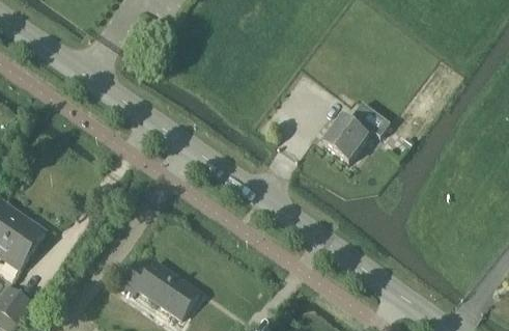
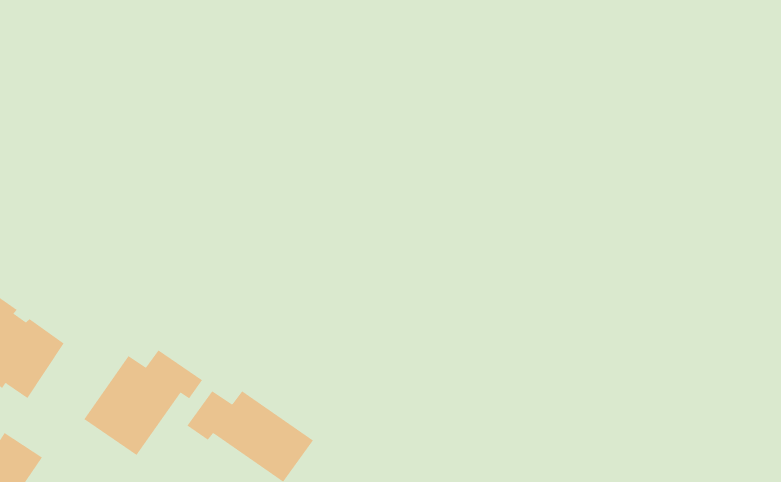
building: [321,103,388,162] -> none
building: none -> [84,349,203,456]

